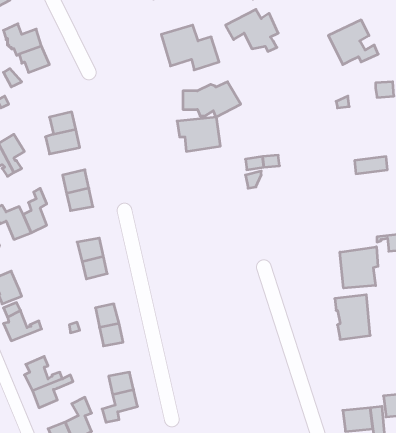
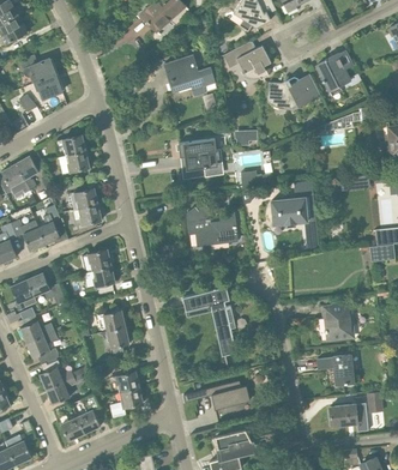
building: [183,82,241,117] -> [269,74,321,107]
building: none -> [272,198,307,228]
building: none -> [187,205,237,246]
building: [340,247,378,288] -> none
building: none -> [28,272,66,305]
building: none -> [183,287,236,355]
building: none -> [28,332,60,364]
building: none -> [318,355,354,385]
building: none -> [183,381,251,409]

